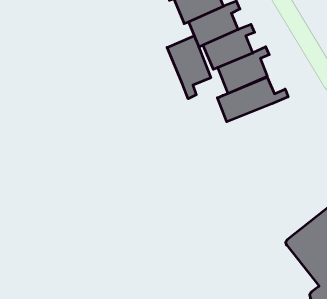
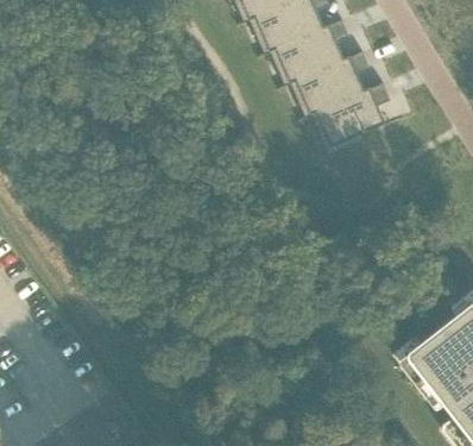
building: [167,36,211,99] -> none
building: [217,77,288,122] -> none

